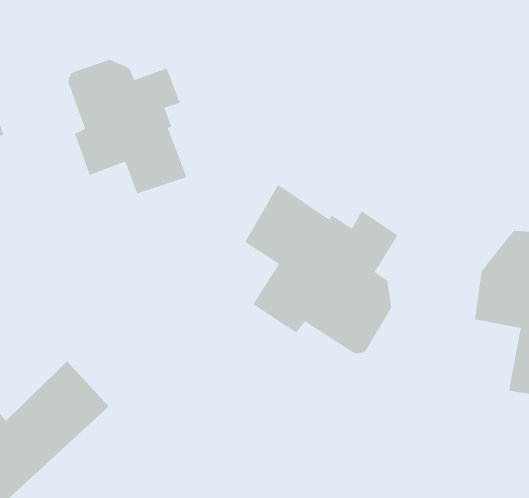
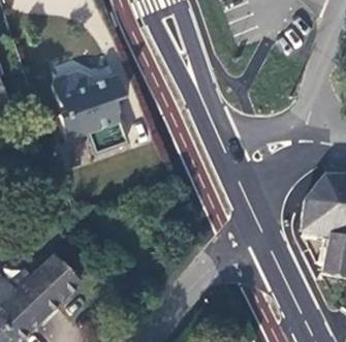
building: [244,184,399,354] -> none

